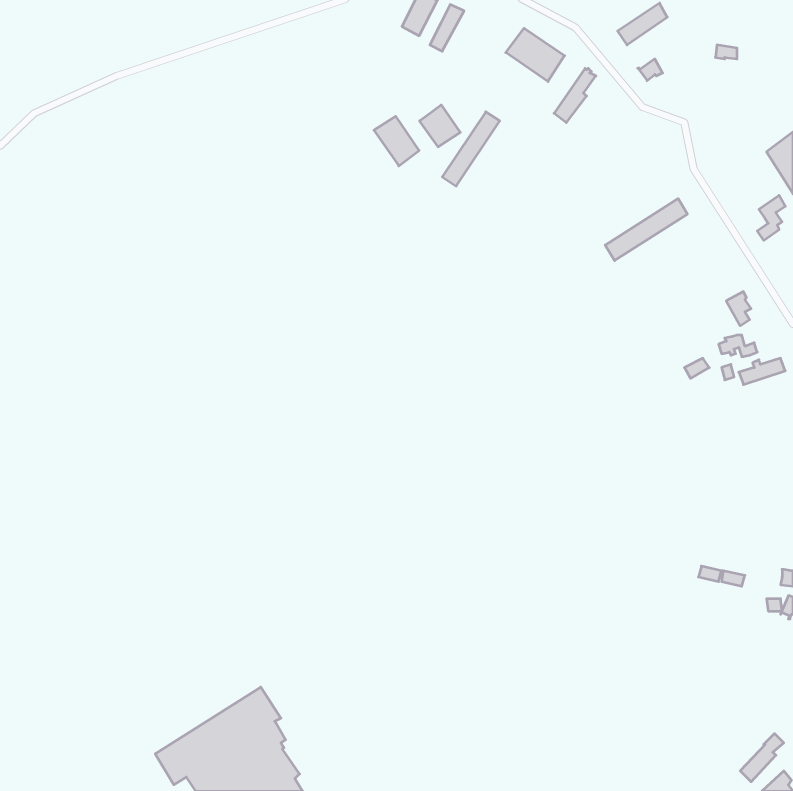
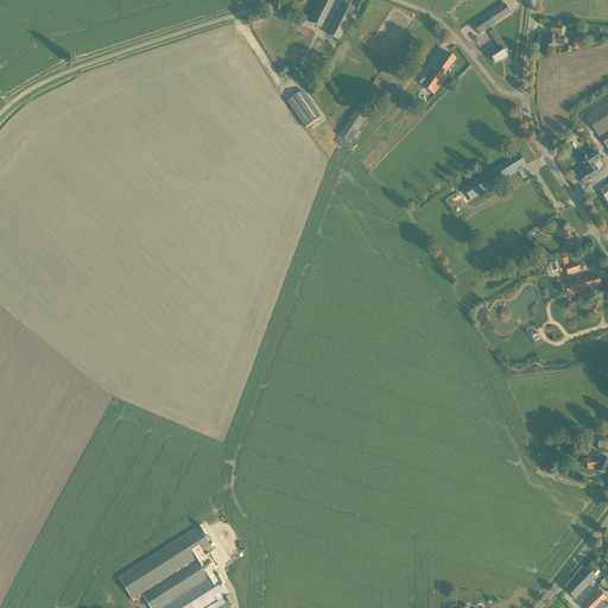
building: [506,28,565,82] -> none
building: [420,105,460,147] -> none

